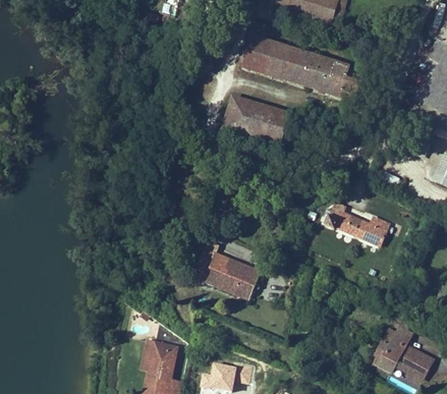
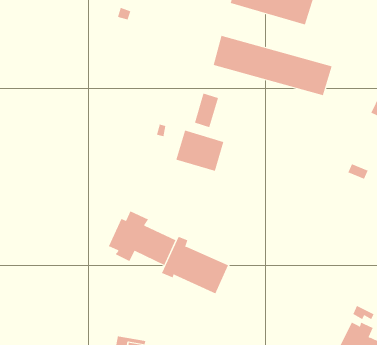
building: [242,101,292,144] -> [175,130,224,172]
building: [329,206,396,247] -> none
building: none -> [108,211,176,266]

